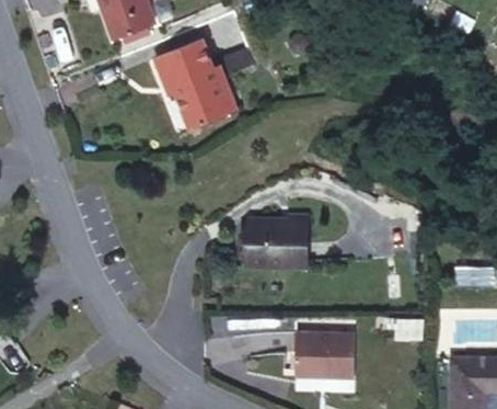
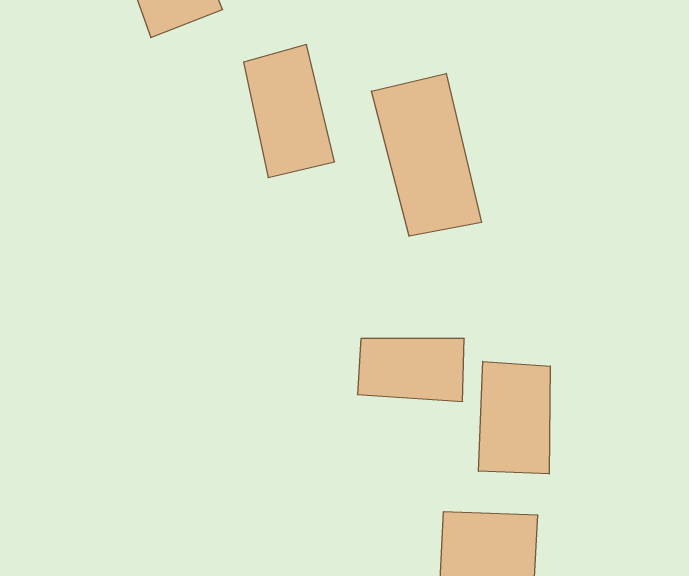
building: none -> [371,73,481,236]
building: none -> [478,361,550,474]

